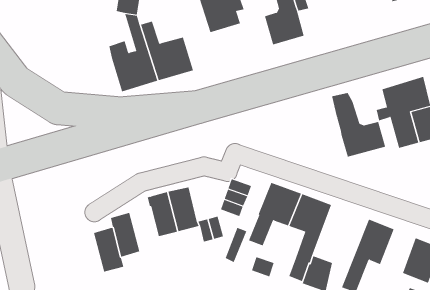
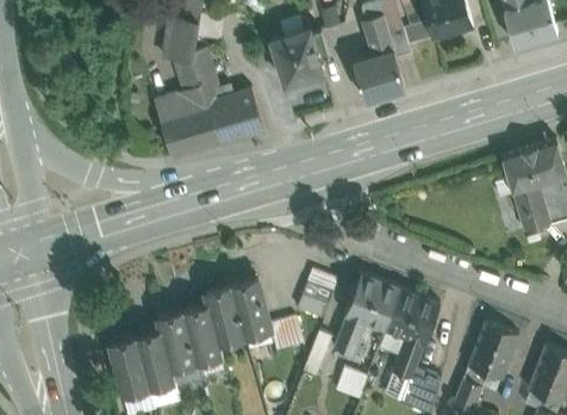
building: [332,92,386,157] -> none
building: none -> [182,306,222,364]
building: none -> [110,340,149,397]

